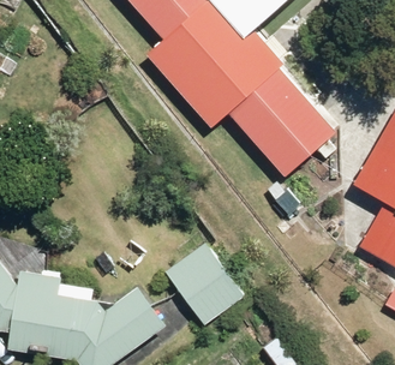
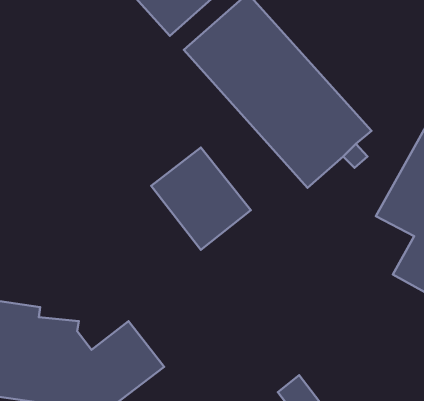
building: [162,239,246,325] -> [151,148,251,250]

